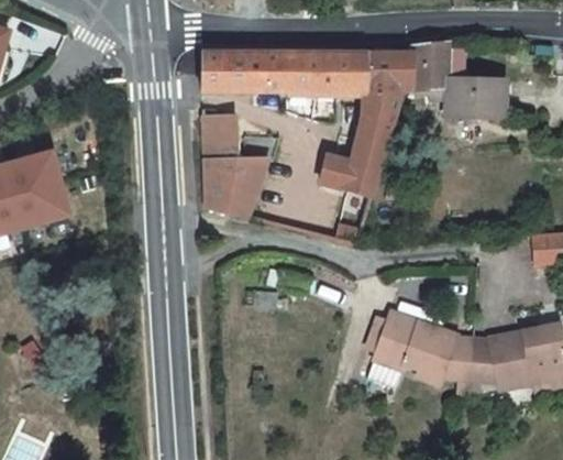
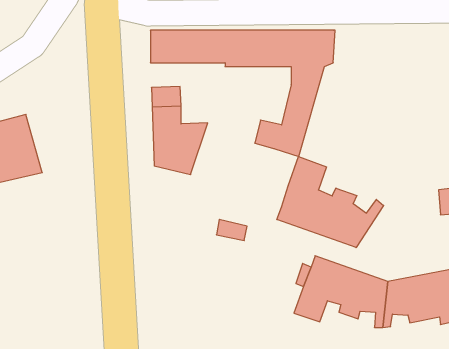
building: [411,41,505,116] -> none
building: none -> [277,156,384,248]

